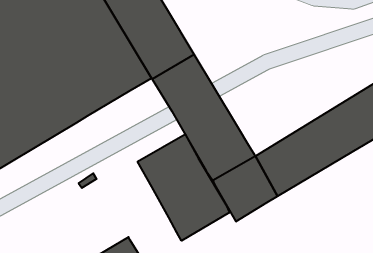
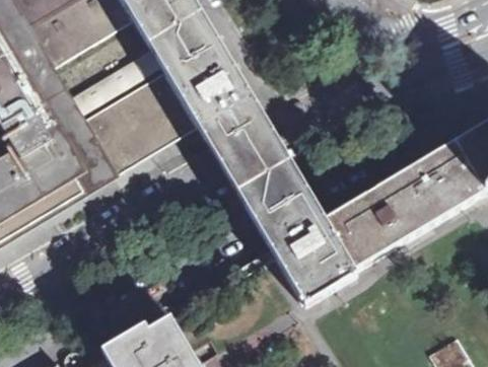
building: [138,134,230,241] -> none

